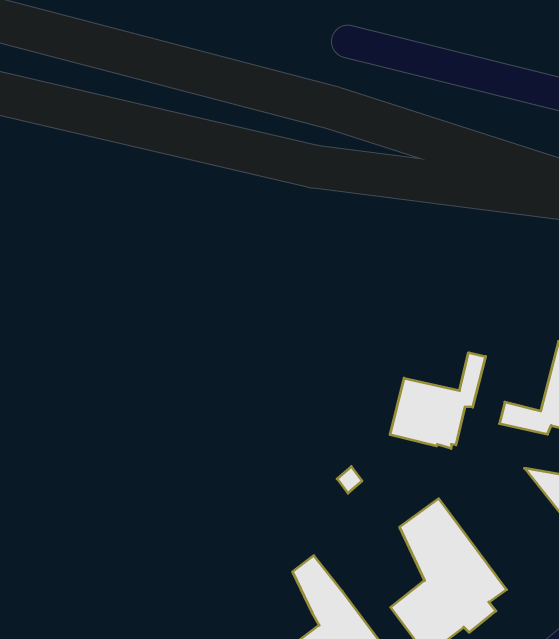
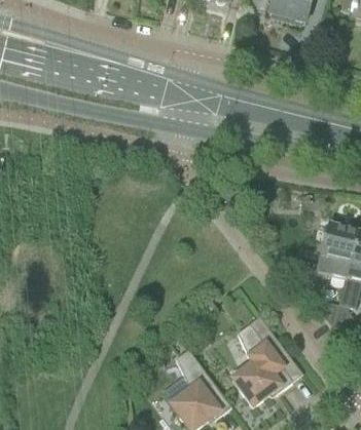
building: [390,353,486,449] -> none

